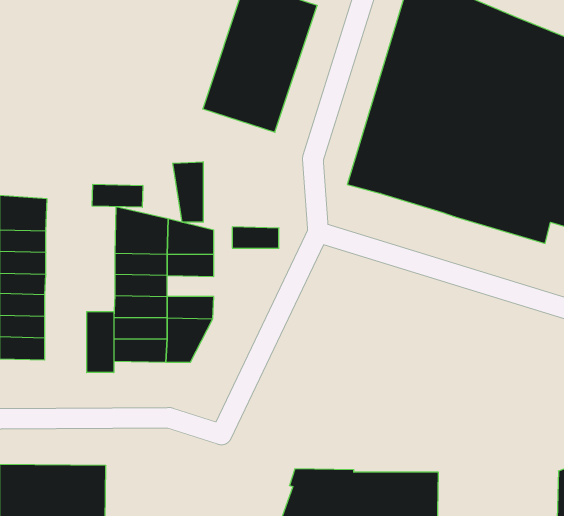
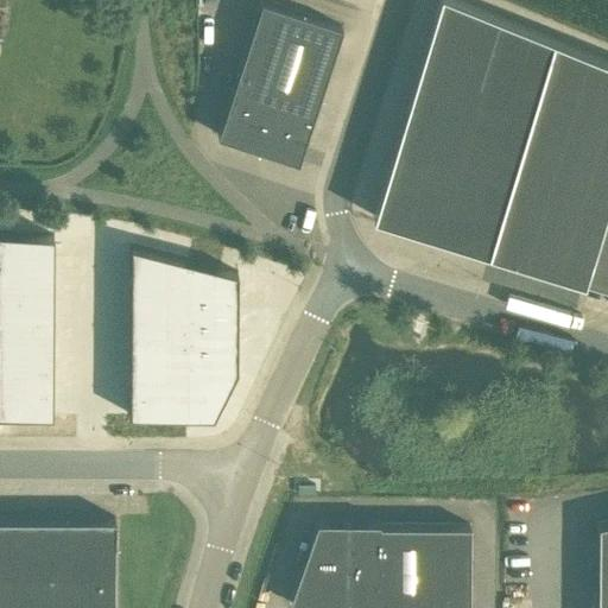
building: [173,162,203,222] -> none
building: [92,184,143,207] -> none
building: [232,227,279,248] -> [182,328,232,350]
building: [87,312,114,373] -> none

